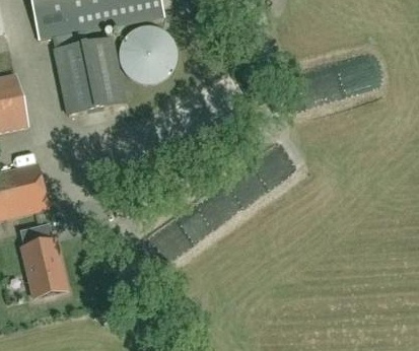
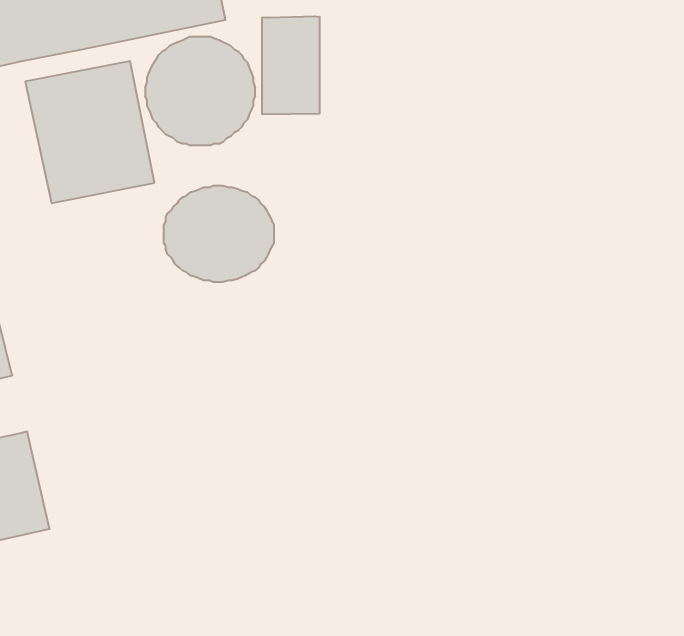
building: none -> [262,16,320,114]
building: none -> [164,186,274,282]

